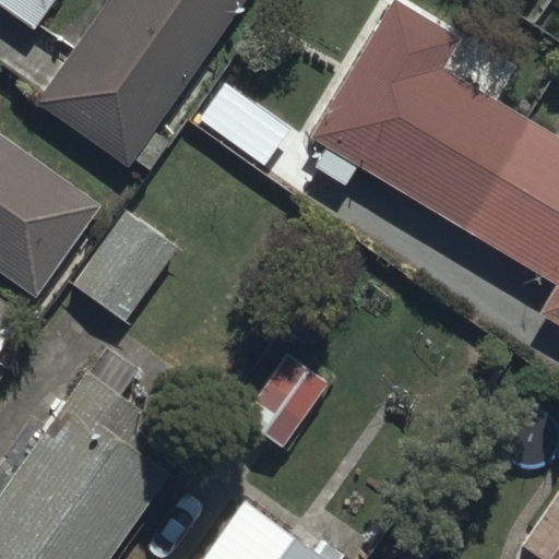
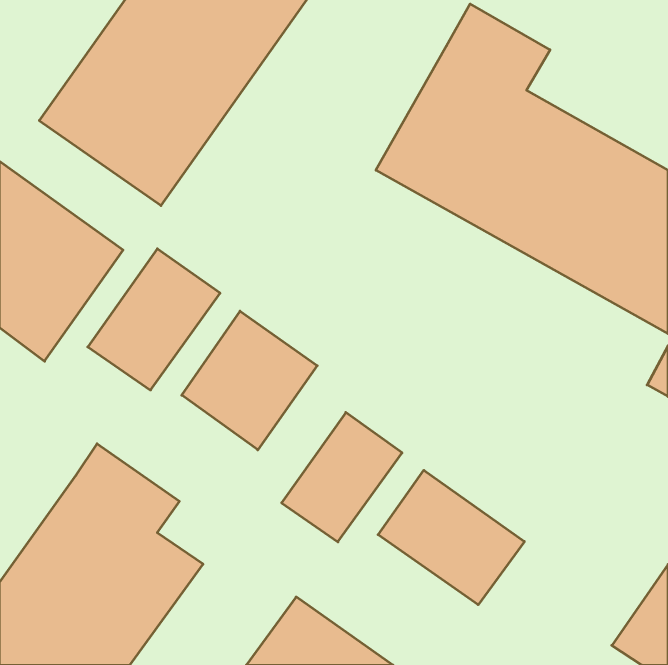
building: none -> [182,311,317,450]
building: none -> [378,470,524,605]

